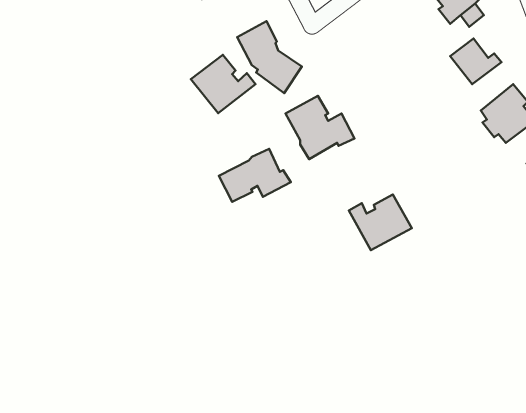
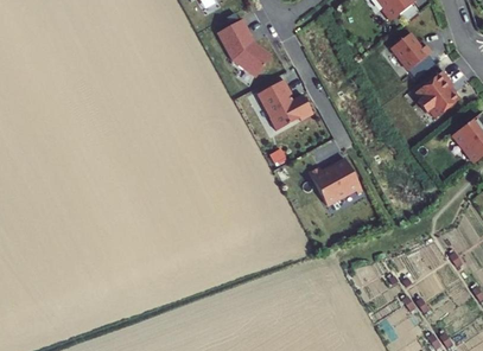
building: [191,55,255,113] -> none
building: [219,149,291,202] -> none

